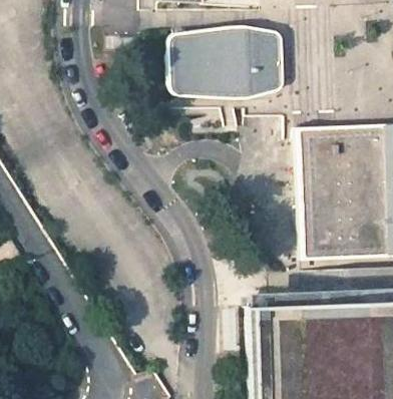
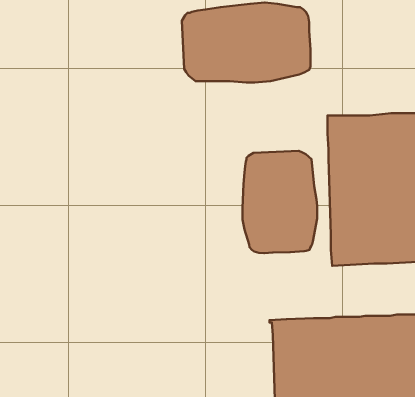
building: none -> [243,151,317,253]

